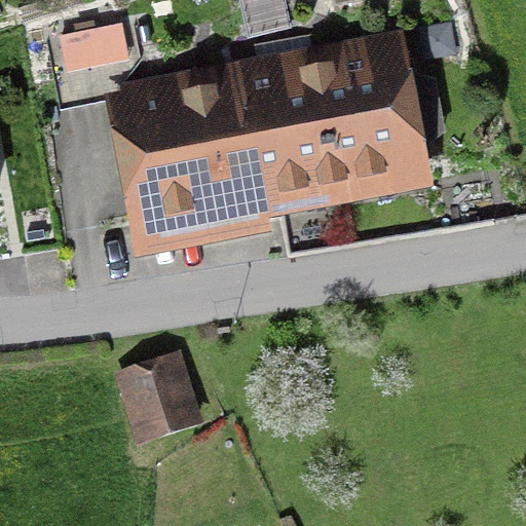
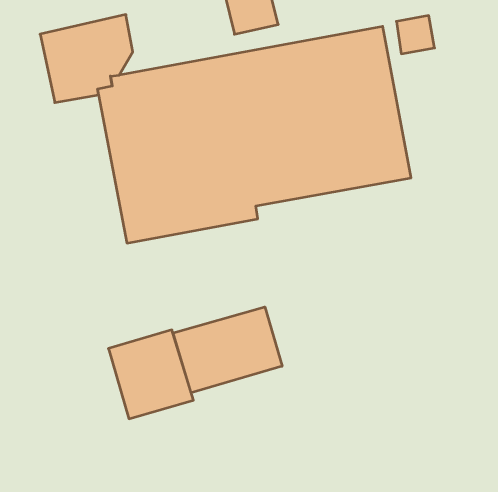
building: none -> [173,307,282,393]

